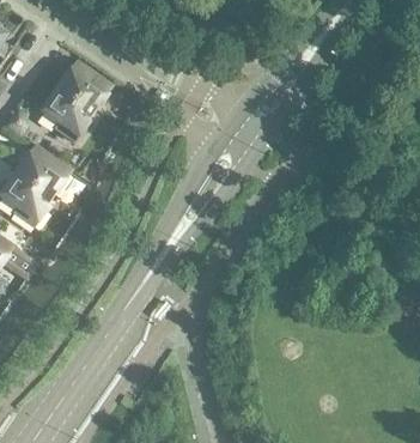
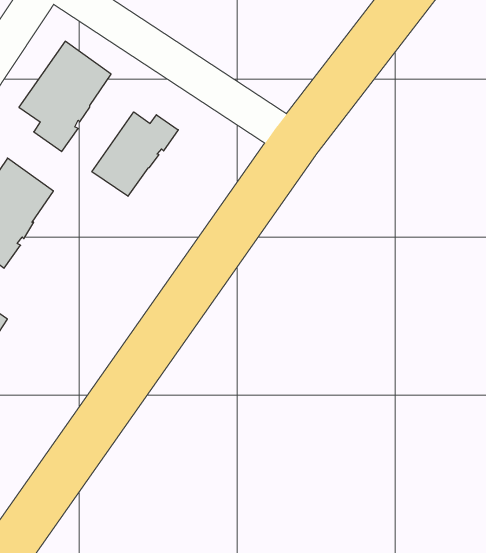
building: none -> [92,112,178,196]

